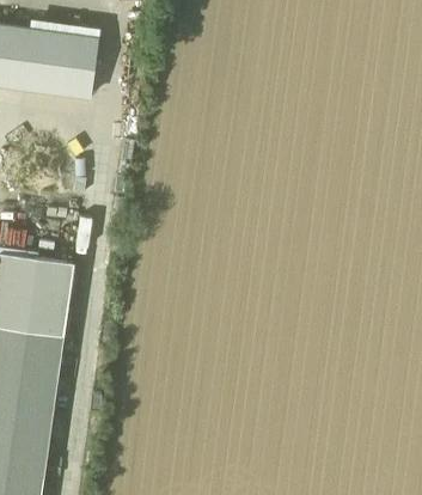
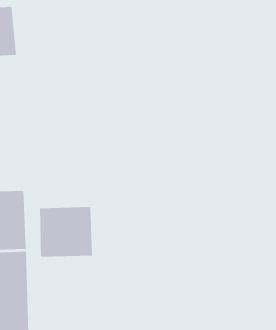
building: none -> [40,206,92,258]

